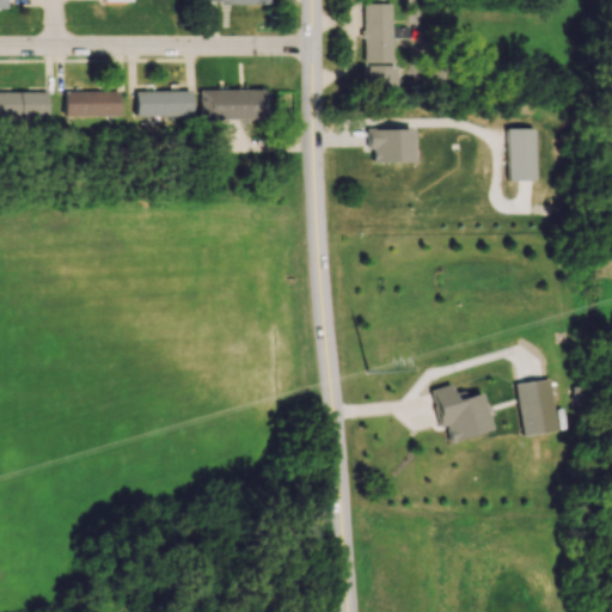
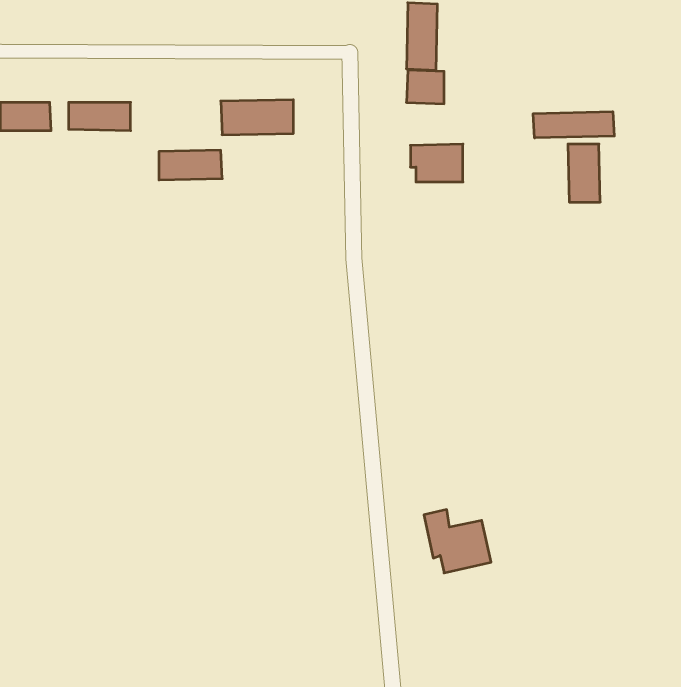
building: [137,91,194,117] -> [159,150,222,180]
building: none -> [533,112,614,138]
building: [519,379,561,436] -> none
building: [434,385,494,441] -> [424,510,491,573]

